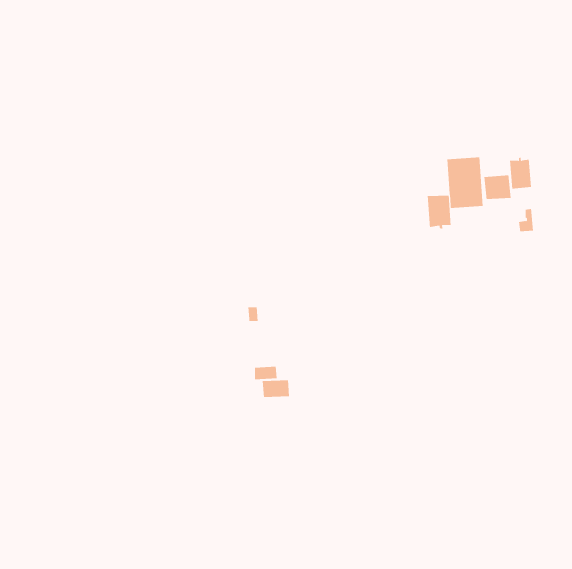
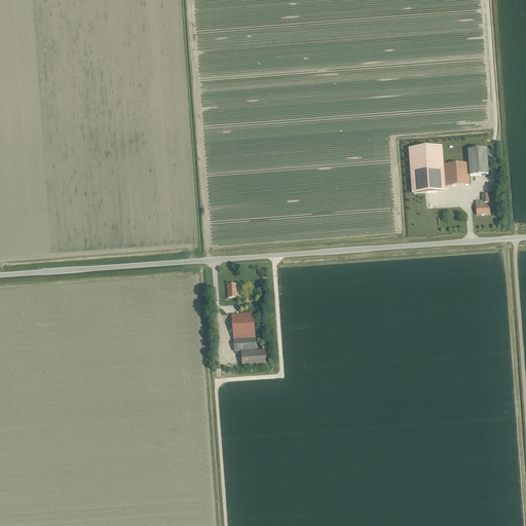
building: [427,195,451,229] -> none
building: none -> [232,311,254,337]

